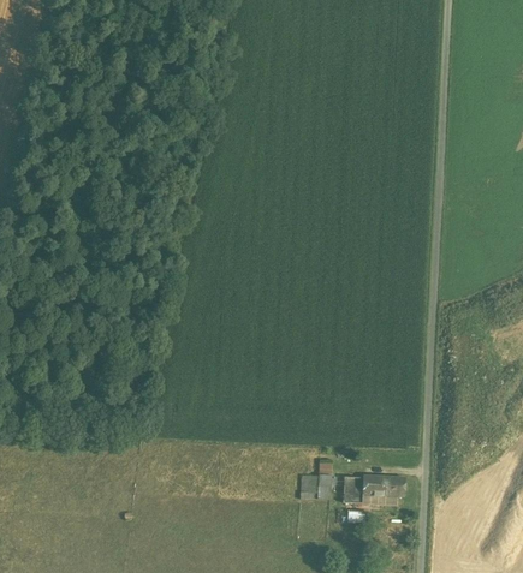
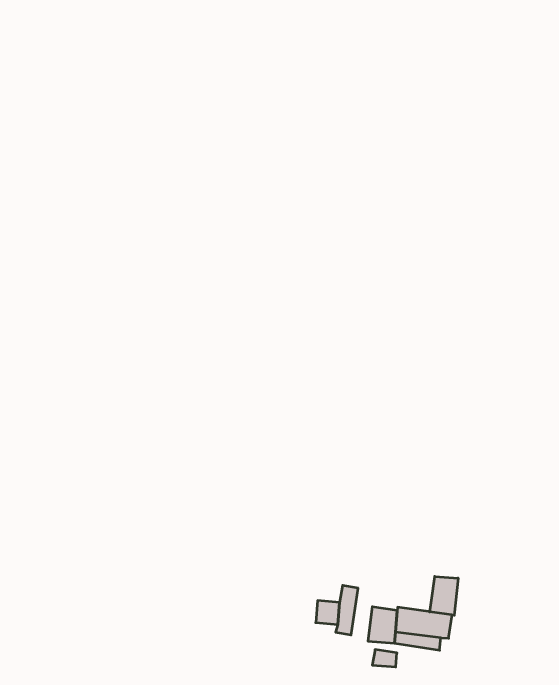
building: none -> [430,576,458,615]

